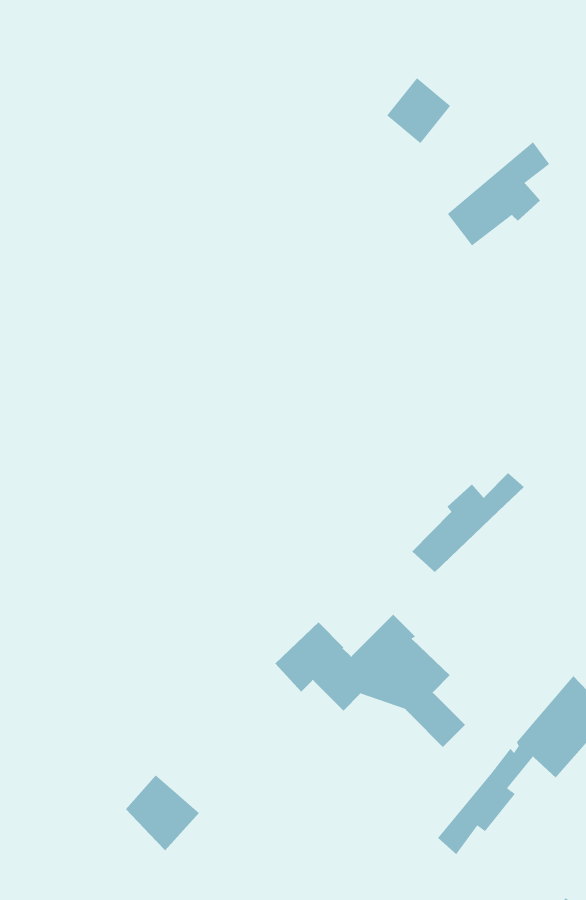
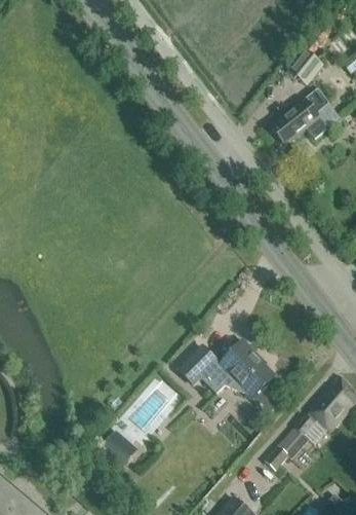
building: [386,77,451,144] -> [289,47,324,83]
building: [411,472,525,573] -> none

